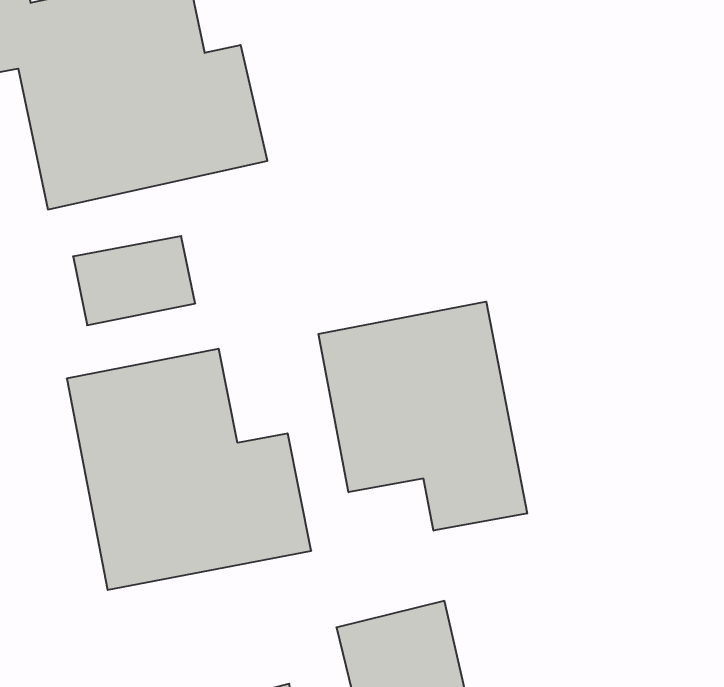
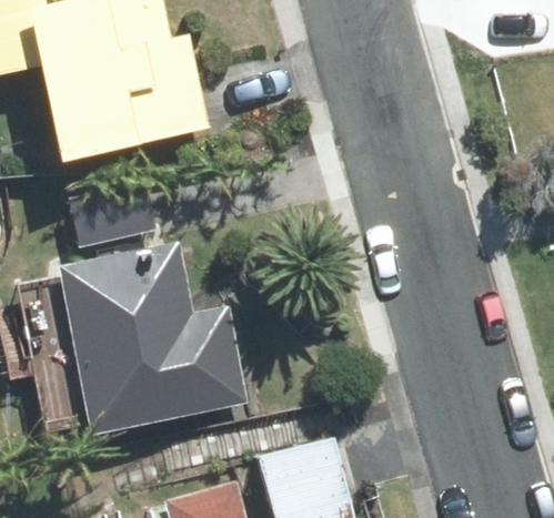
building: [318,302,527,531] -> none

